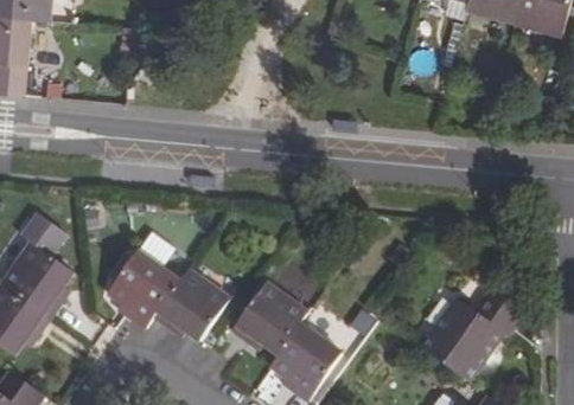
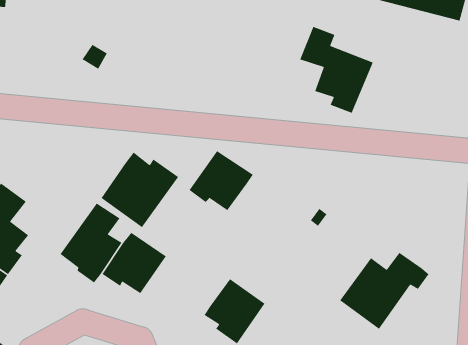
building: none -> [299,26,374,114]
building: none -> [100,151,179,228]
building: [234,285,307,354] -> [189,150,254,211]

